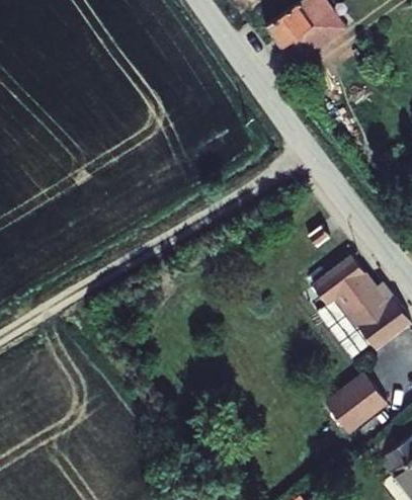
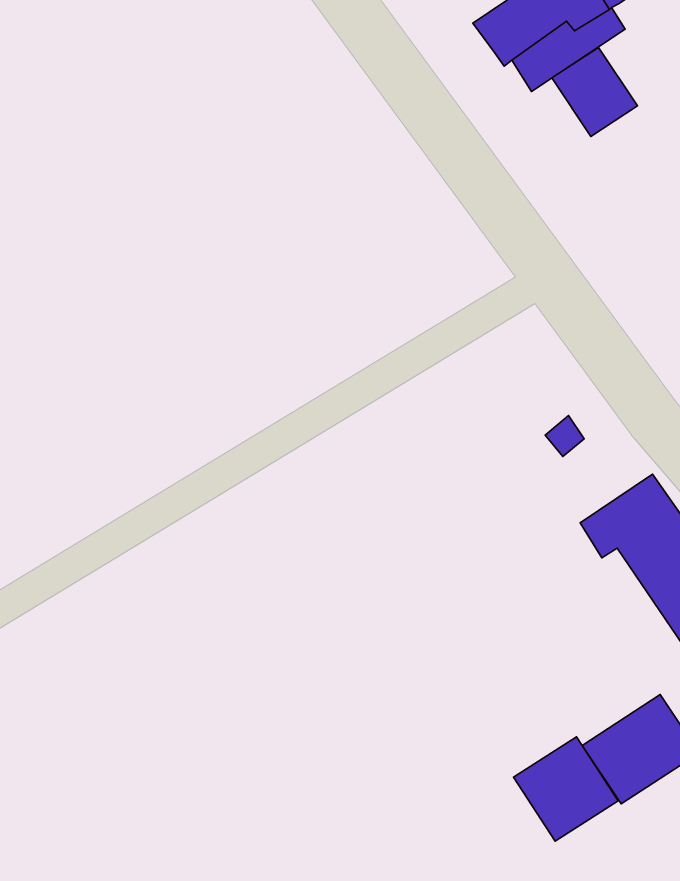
building: none -> [552,47,638,136]
building: none -> [514,737,618,841]

